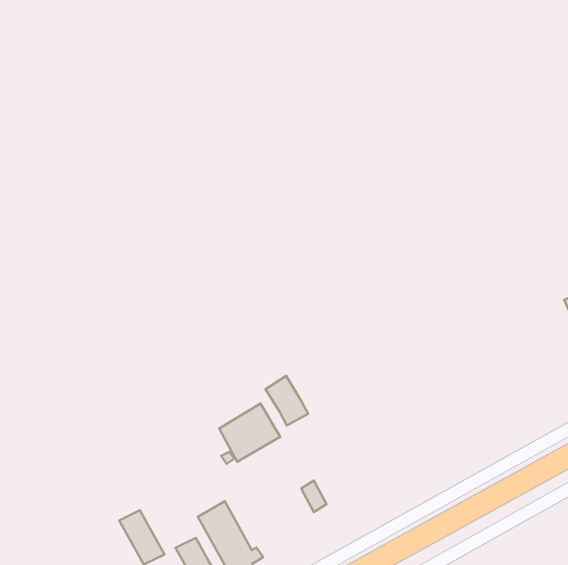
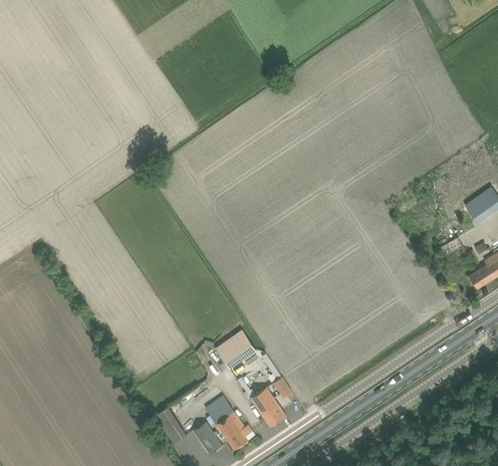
building: [266,376,308,426] -> none
building: none -> [250,389,286,427]

